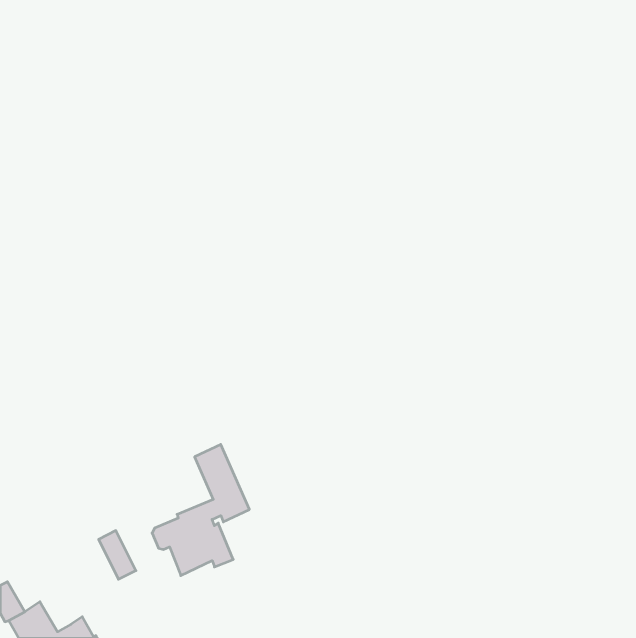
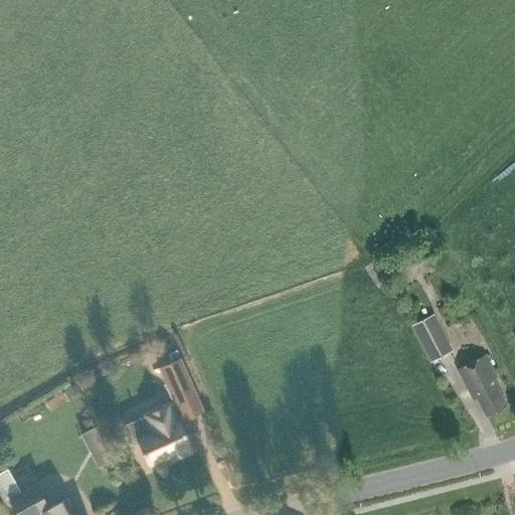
building: none -> [411,313,454,362]
building: none -> [458,355,507,415]

